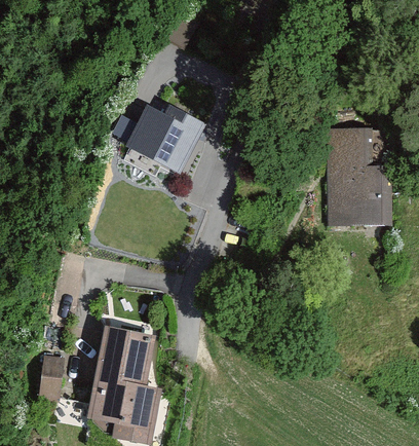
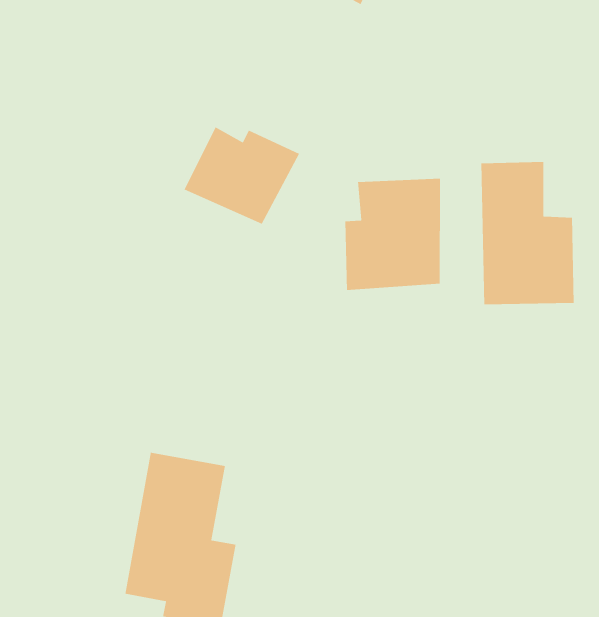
building: none -> [345,178,441,291]
building: [38,357,65,401] -> none

